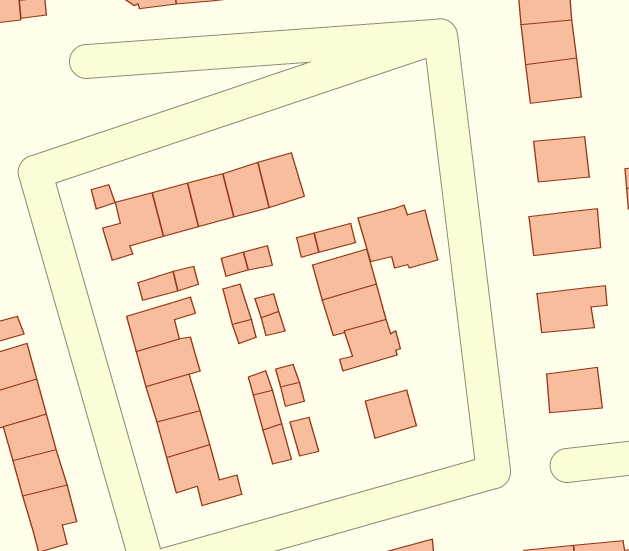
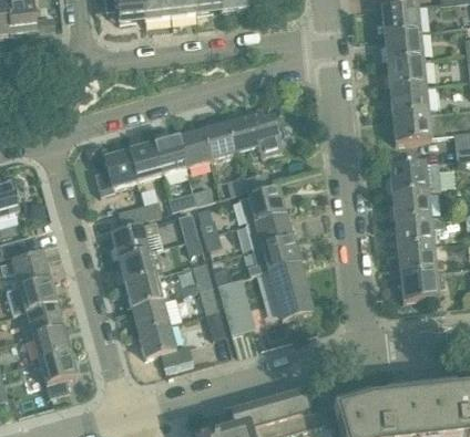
building: none -> [390,81,428,112]
building: [358,205,438,268] -> [225,111,280,154]
building: none -> [392,186,431,217]
building: none -> [398,240,437,272]
building: none -> [260,259,305,291]

